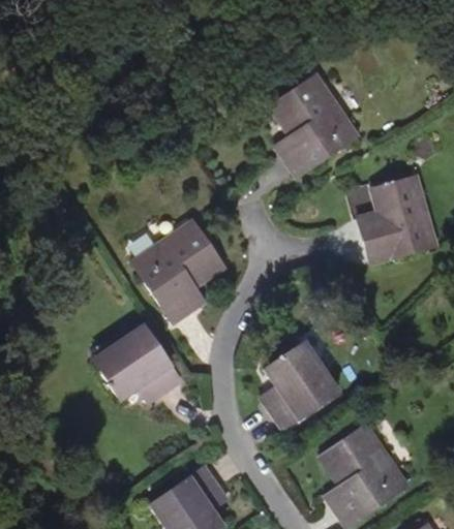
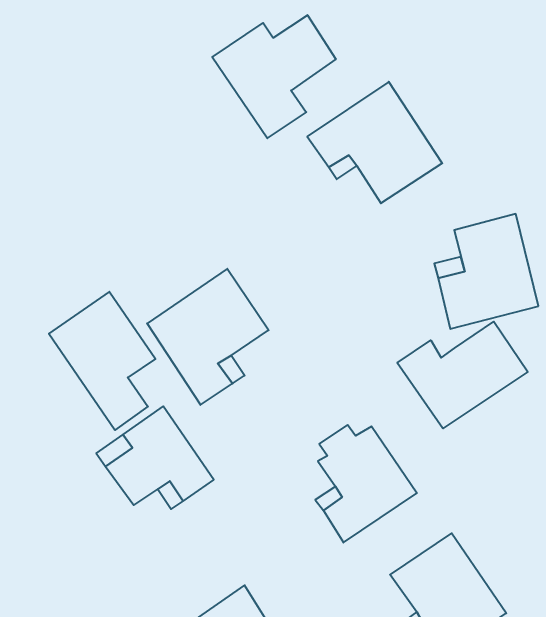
building: none -> [212,15,336,138]
building: none -> [49,292,155,430]
building: none -> [397,322,528,428]

